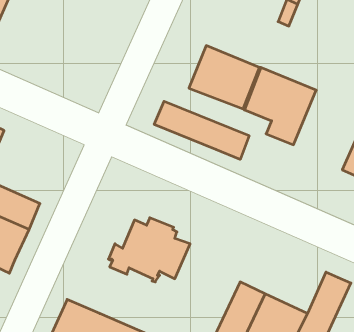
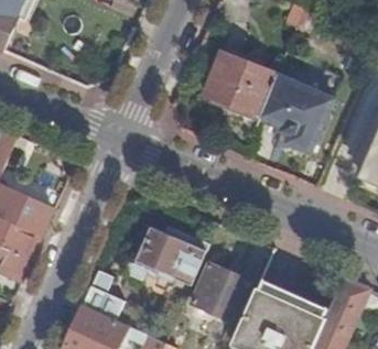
building: [154,101,249,159] -> none
building: none -> [192,264,252,323]
building: none -> [82,272,123,321]

